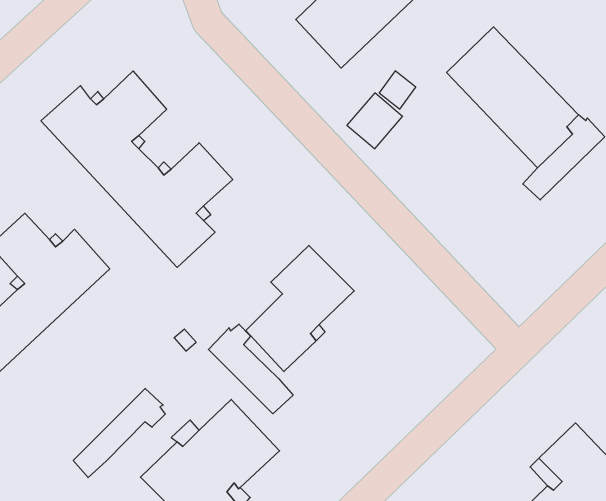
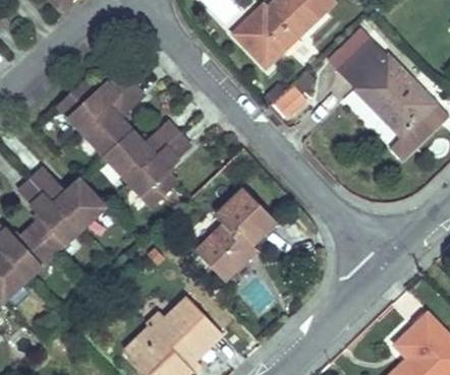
building: [208,324,293,414] -> none
building: [73,388,165,478] -> none

